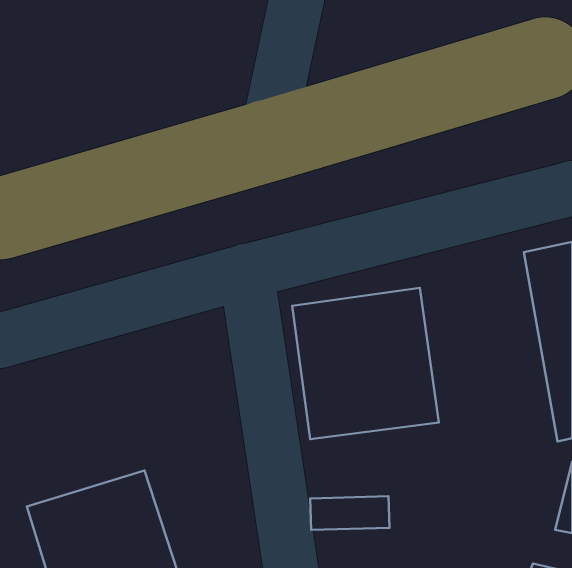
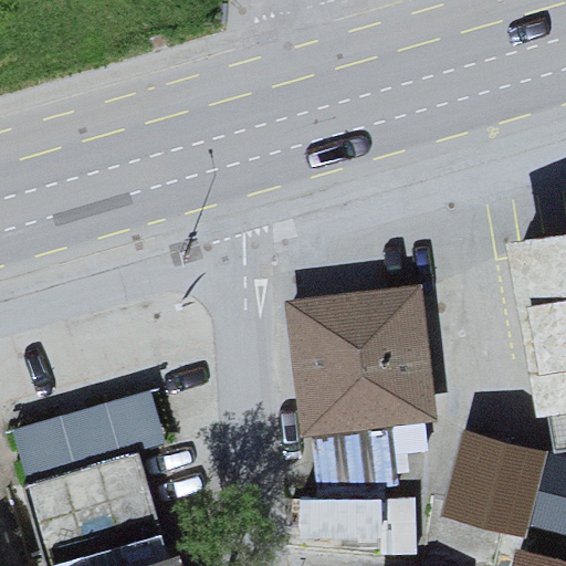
building: none -> [14,392,167,468]
building: none -> [450,434,537,527]

